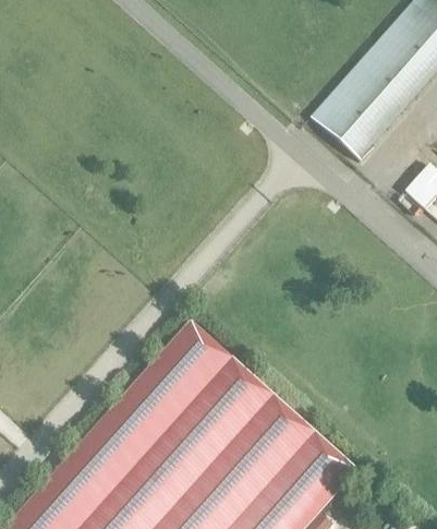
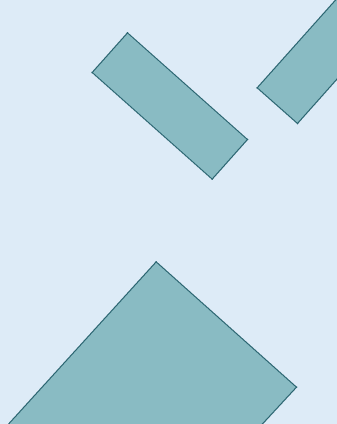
building: none -> [92,33,248,179]

